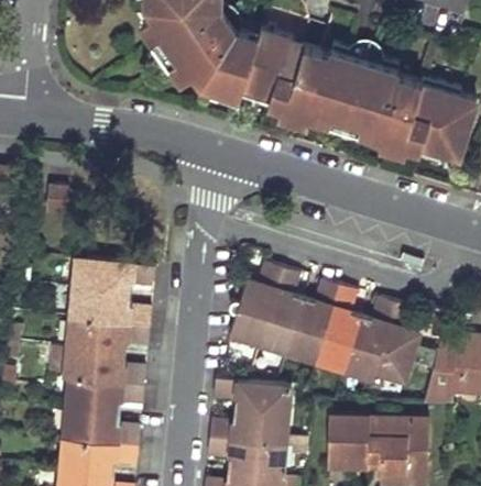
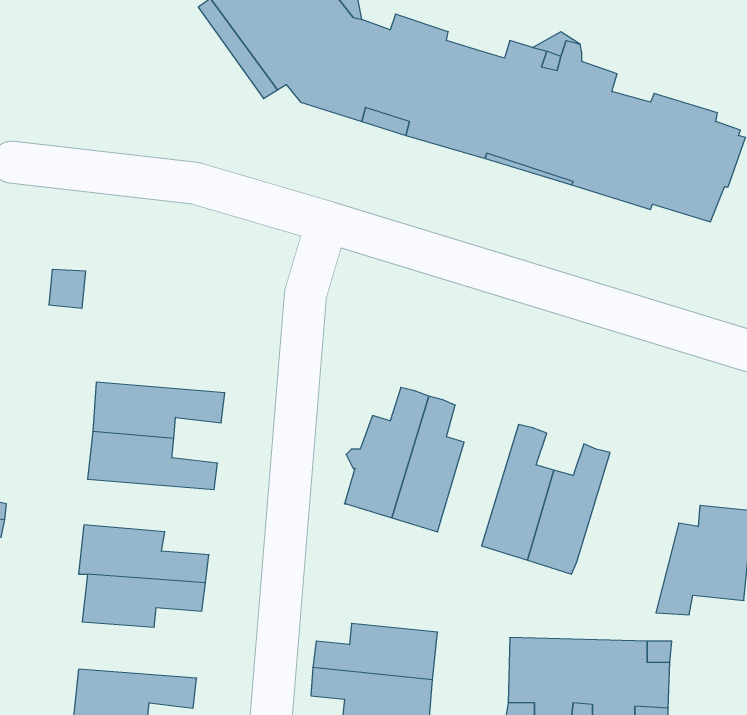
building: [287,281,338,363] -> none
building: [374,305,418,382] -> none
building: [66,321,147,354] -> none
building: [214,379,291,417] -> none
building: [63,410,138,445] -> none

